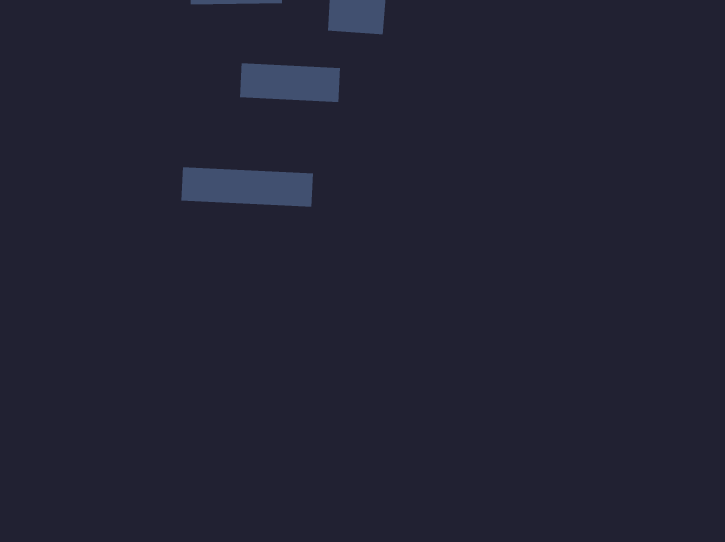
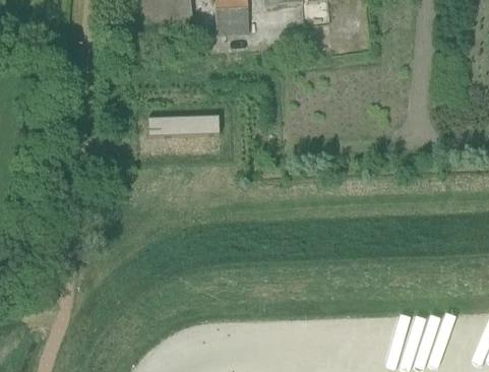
building: [239,63,341,103] -> none

